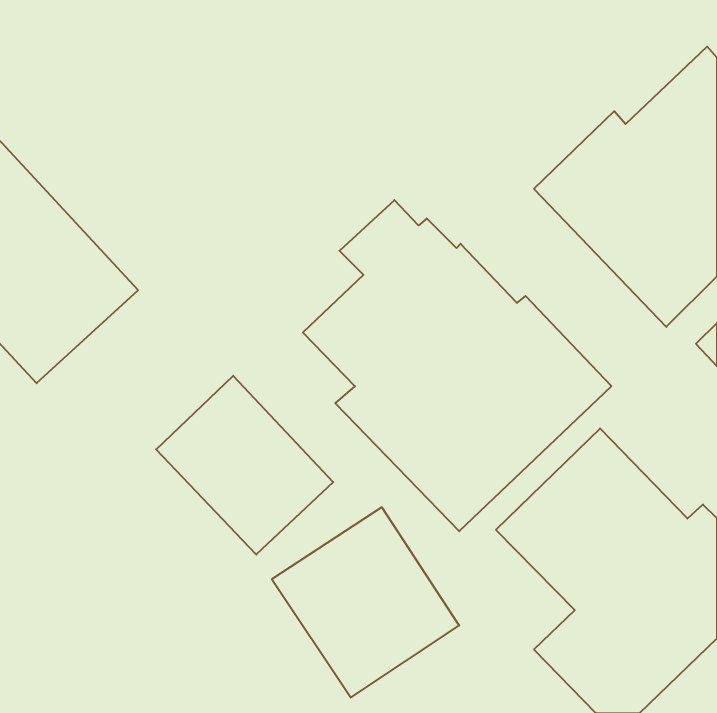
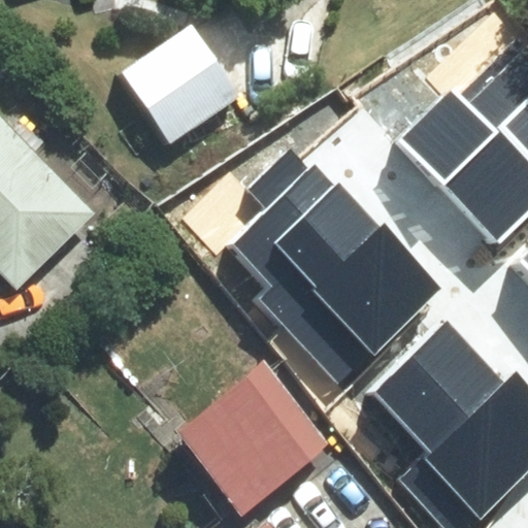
building: none -> [122,28,235,141]
building: [156,376,333,555] -> none

